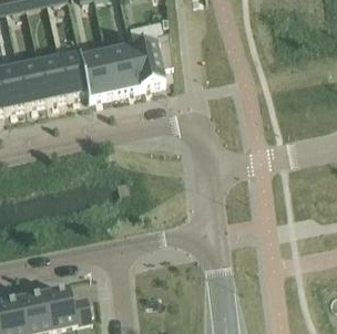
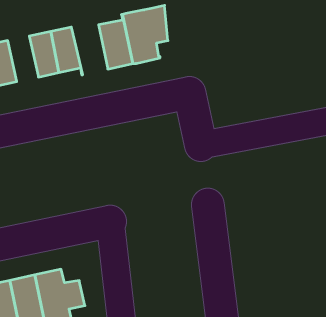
building: [79,49,114,97] -> none
building: [17,60,47,104] -> none

